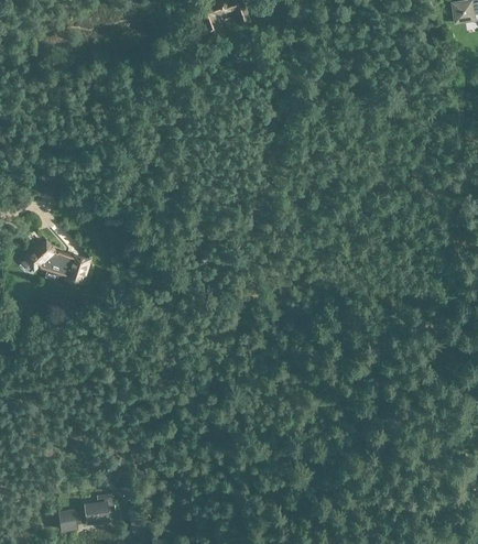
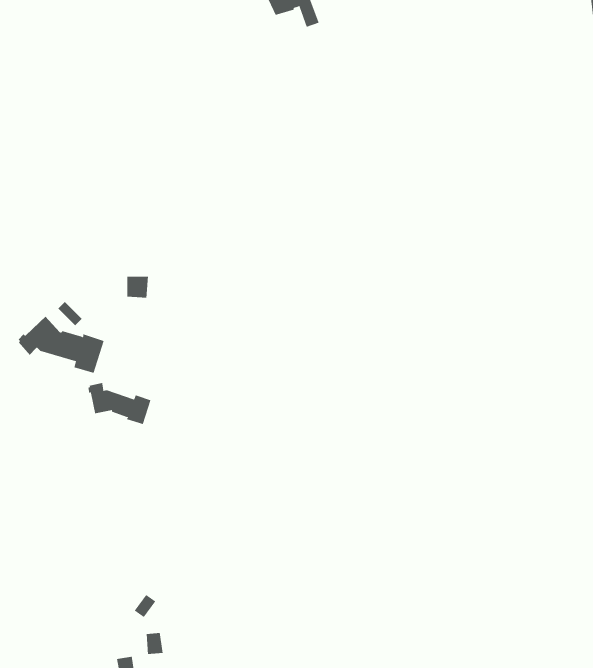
building: none -> [88,382,151,425]

